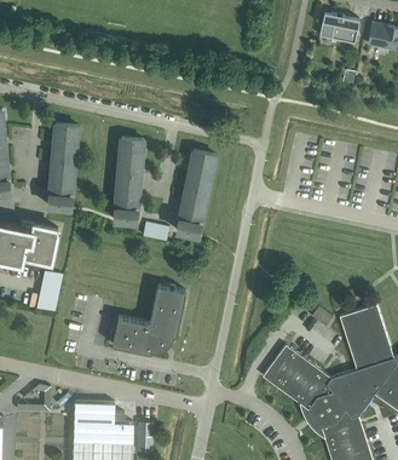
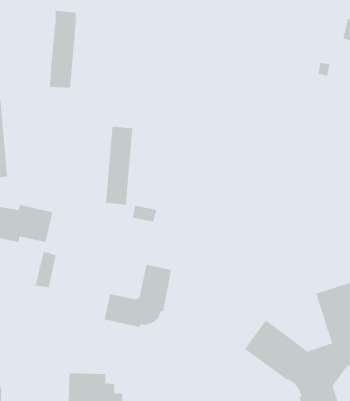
building: [319,13,359,45] -> none
building: [48,126,77,209] -> [49,10,76,88]
building: [175,153,215,237] -> none

